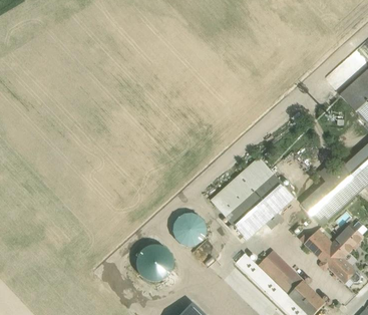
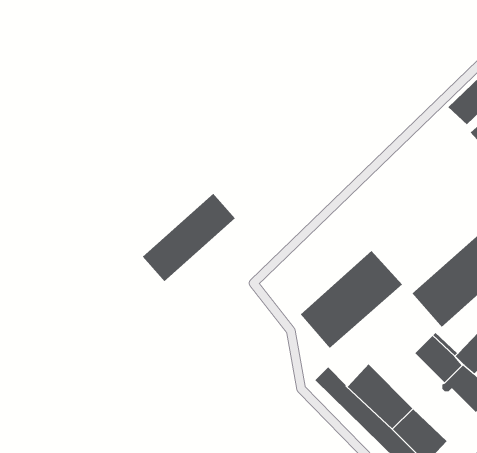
building: [212,156,275,217] -> [142,193,236,282]
building: [172,212,205,243] -> none
building: [141,245,172,278] -> none

